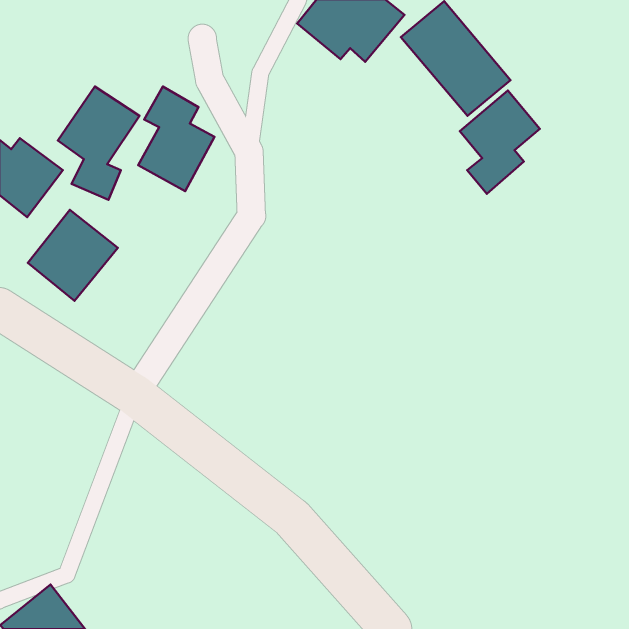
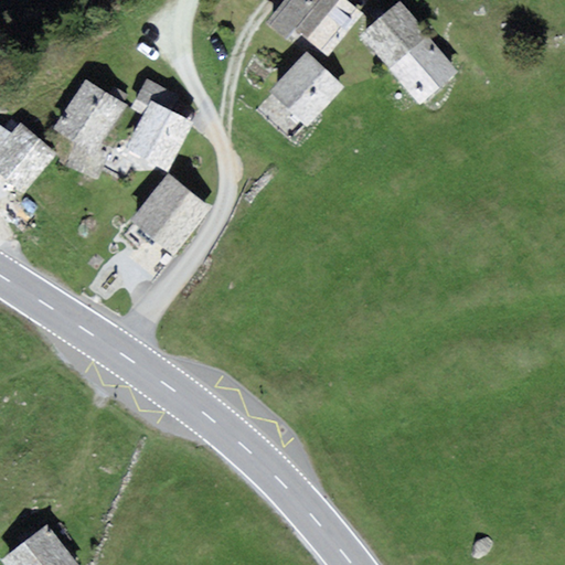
building: none -> [268,53,342,125]
building: [460,90,540,194] -> none
building: [28,210,118,301] -> [130,173,211,255]

